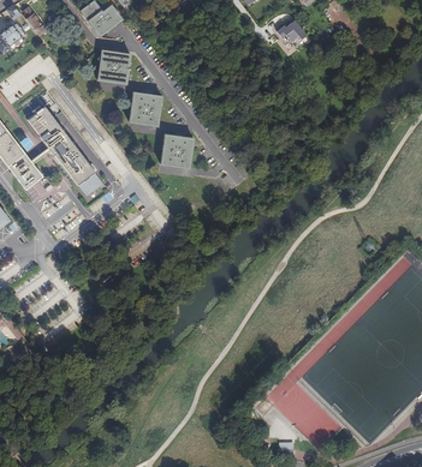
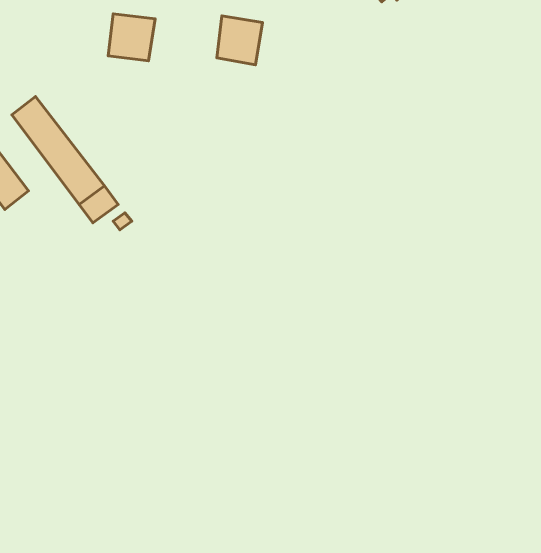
building: [130,91,162,126] -> [217,16,262,65]
building: [161,133,194,168] -> none

